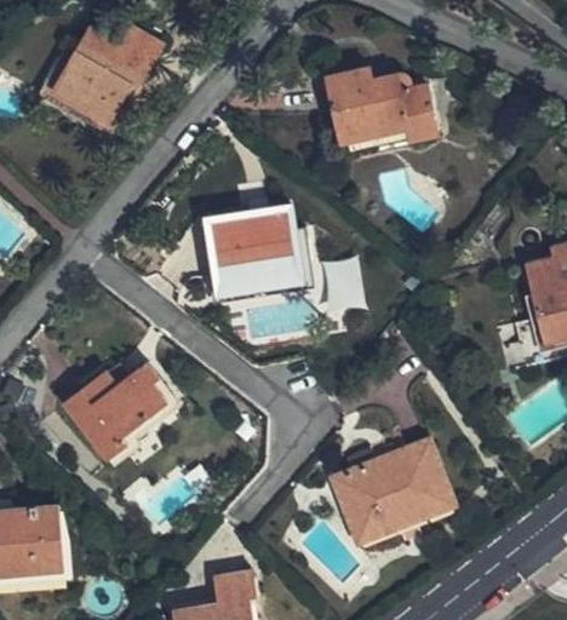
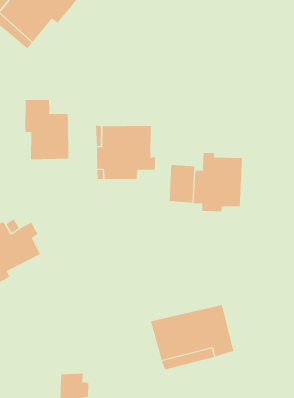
building: [333,69,445,144] -> none
building: none -> [25,99,69,160]
building: none -> [193,152,243,212]

